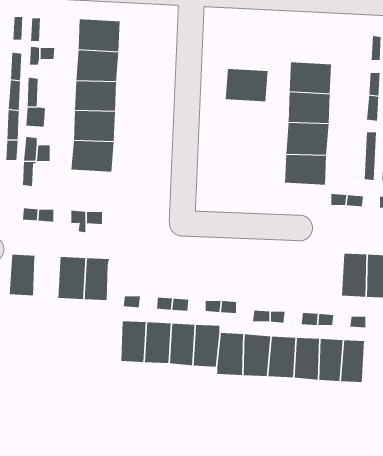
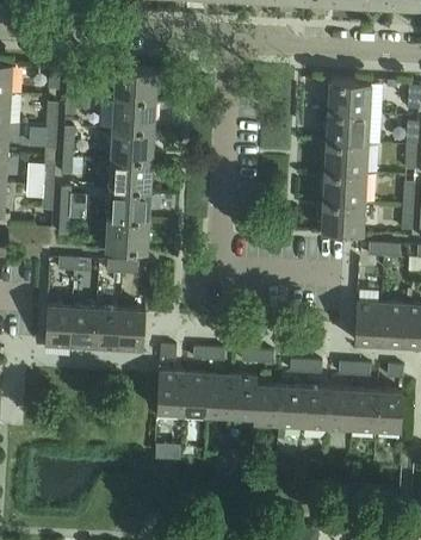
building: [225,69,269,102] -> [327,81,371,114]
building: none -> [105,221,148,254]
building: none -> [353,303,380,347]
building: none -> [69,306,95,349]

